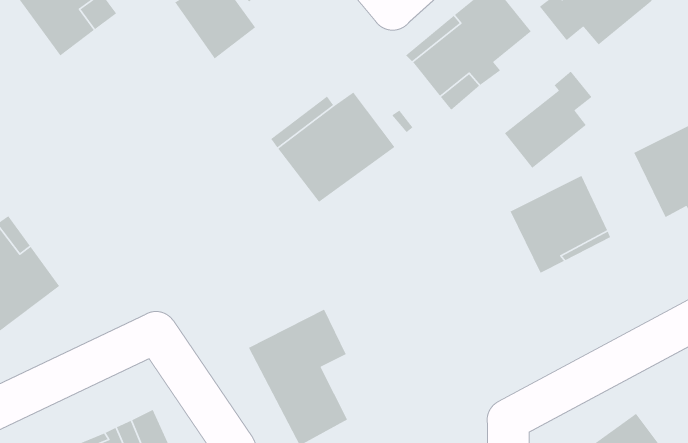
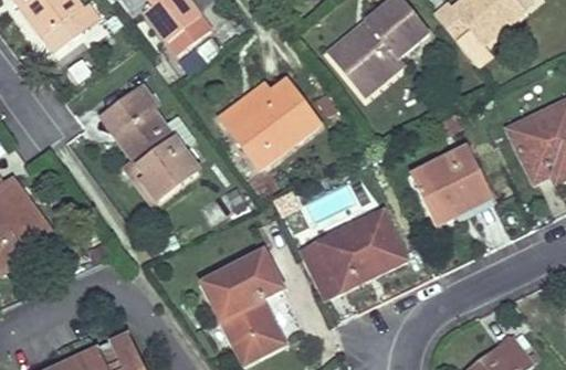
building: [504,71,593,169] -> none
building: none -> [111,86,197,202]
building: none -> [297,209,406,300]

